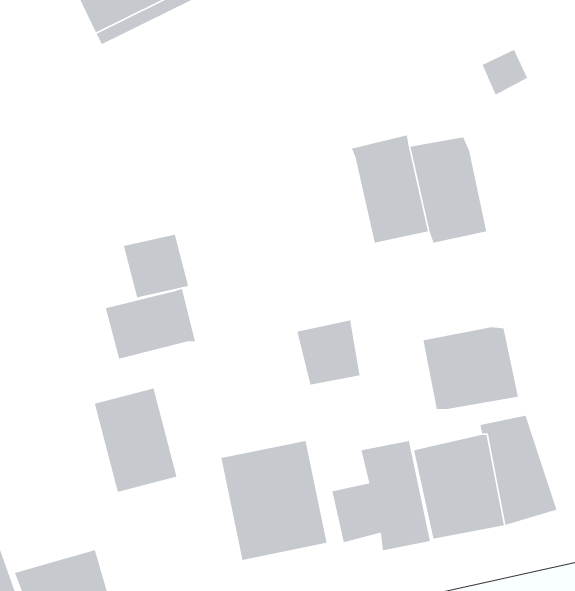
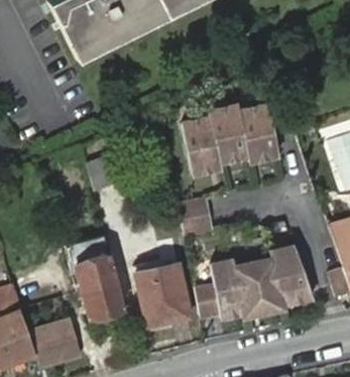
building: none -> [177,117,218,173]
building: [105,288,196,359] -> none
building: [423,327,519,410] -> none
building: none -> [84,282,123,320]

